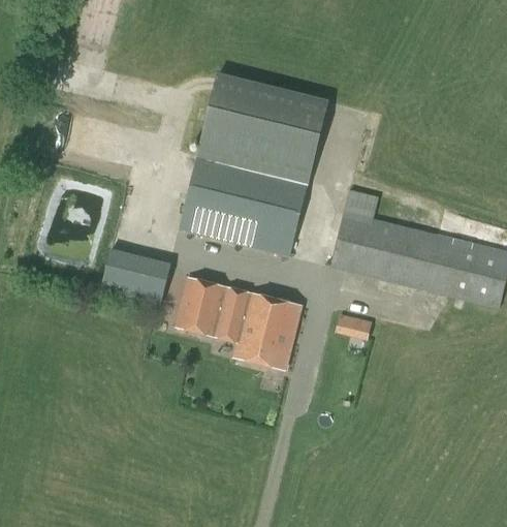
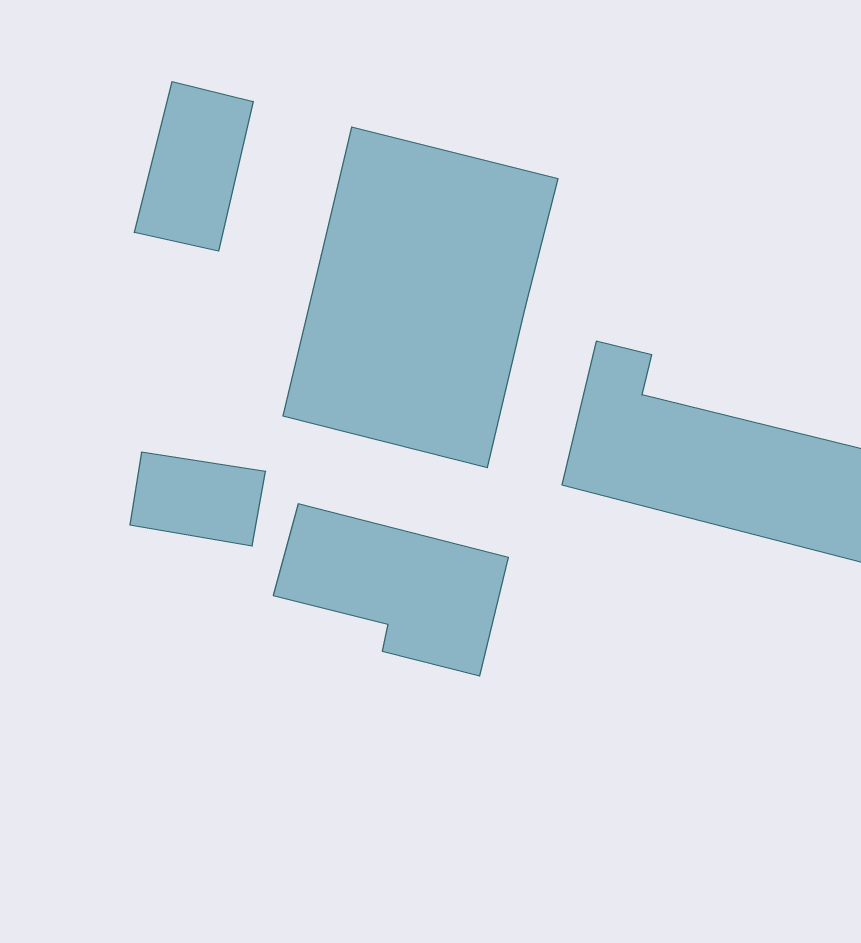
building: none -> [134,82,253,251]
building: [334,311,372,339] -> none

